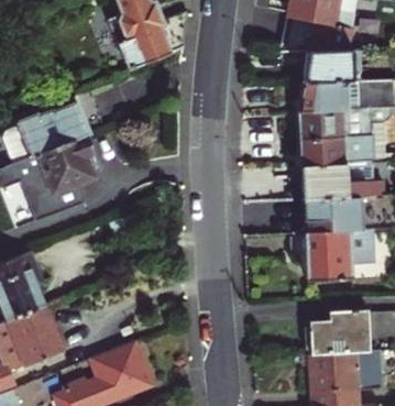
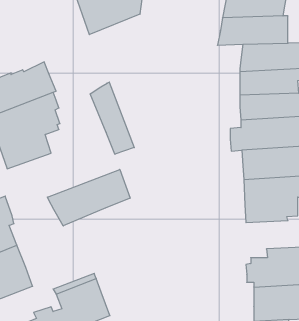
building: none -> [90,82,134,154]
building: none -> [47,169,130,226]

